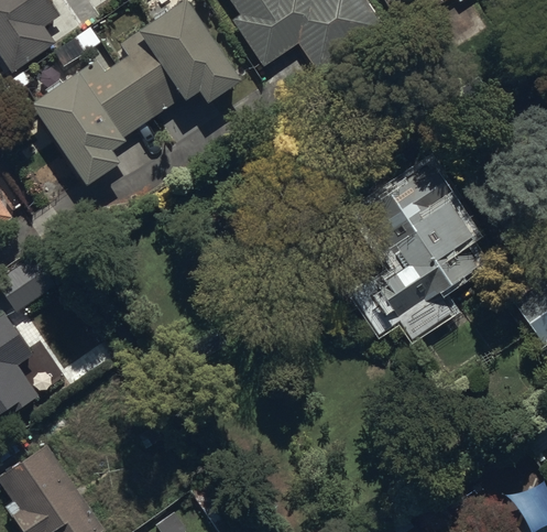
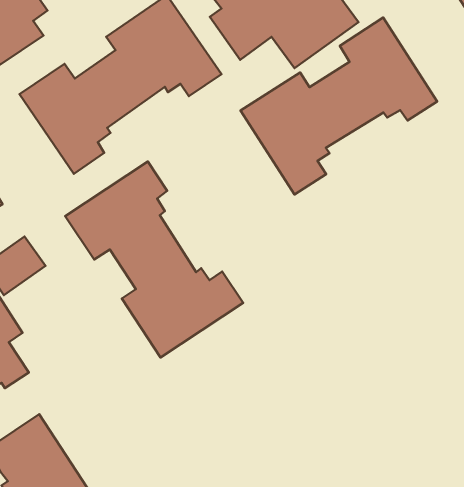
building: none -> [241,17,437,194]
building: [349,162,479,340] -> none
building: none -> [65,161,243,358]

